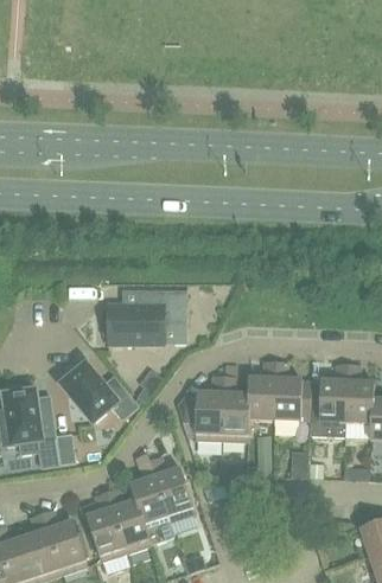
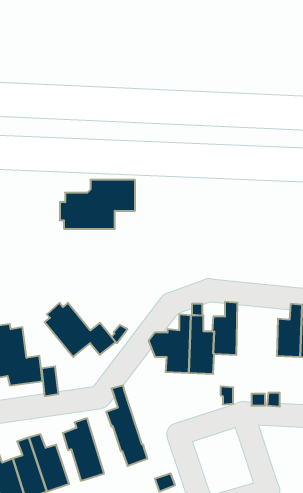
building: [102,292,186,346] -> [60,180,135,229]
building: [274,363,311,422] -> none
building: [148,457,195,521] -> none
building: [107,488,152,553] -> none

